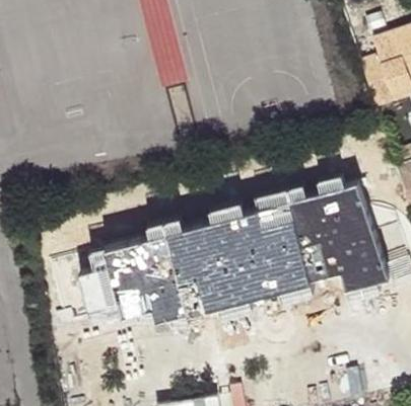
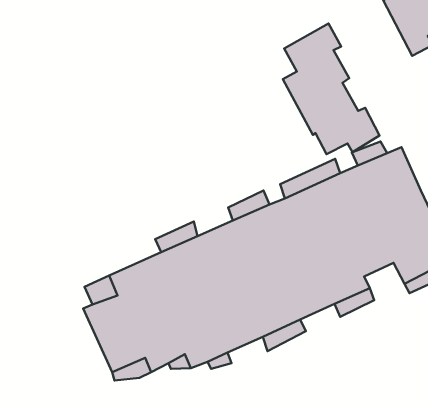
building: none -> [283,23,379,154]

